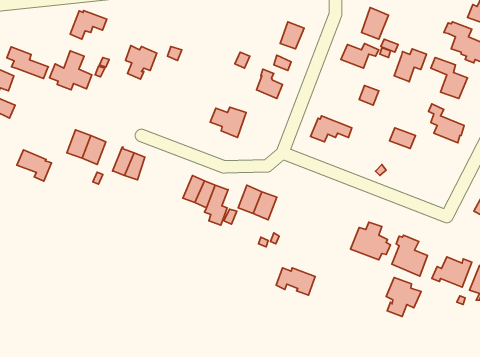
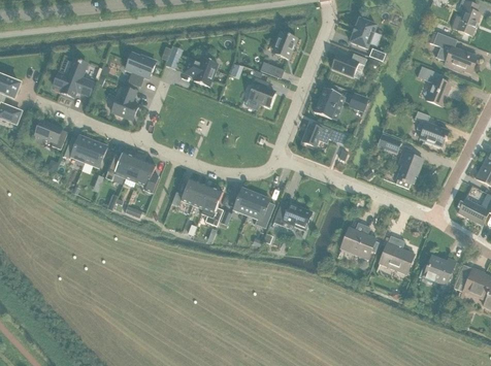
building: [70,11,107,39] -> none
building: [7,47,49,78] -> none
building: [394,49,426,82] -> none
building: none -> [110,86,137,120]
building: none -> [314,87,339,118]
building: [210,107,246,137] -> [183,57,217,86]
building: none -> [394,149,422,188]
building: [17,150,52,181] -> [34,119,67,148]
building: none -> [136,160,158,192]
building: [276,268,315,295] -> [273,203,310,229]
building: [386,277,421,317] -> none

